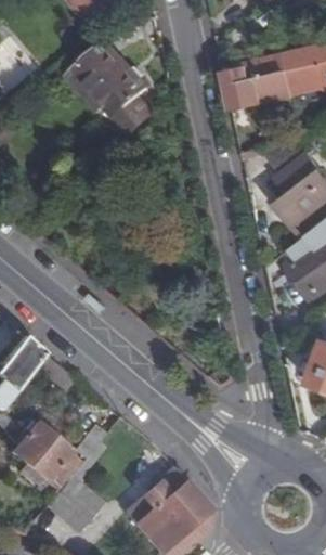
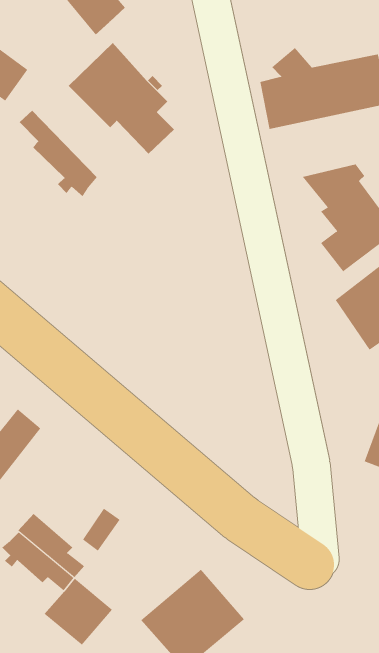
building: none -> [19,110,97,197]

